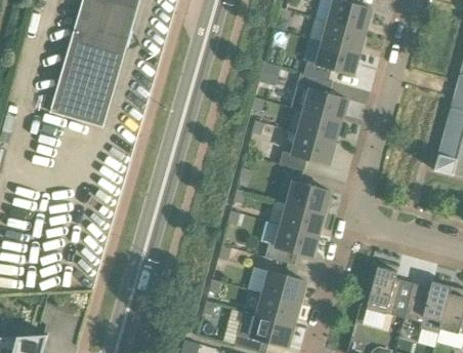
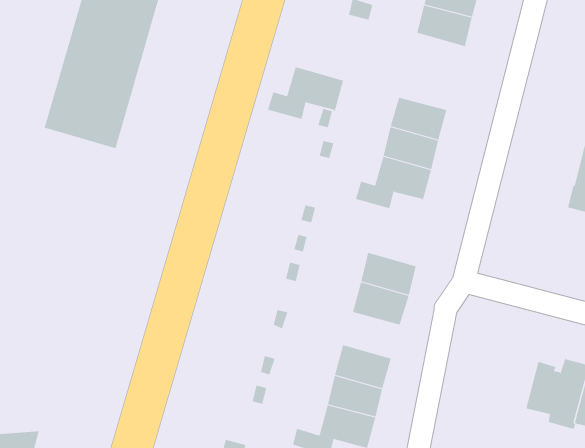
building: [302,41,359,80] -> [267,66,344,119]
building: [287,181,329,212] -> none
building: [366,266,412,317] -> none

